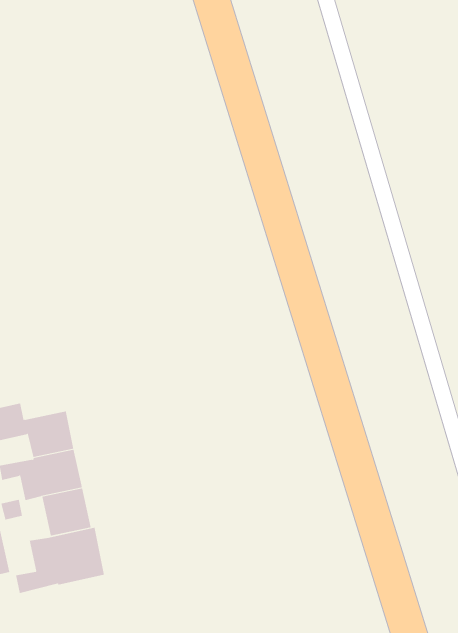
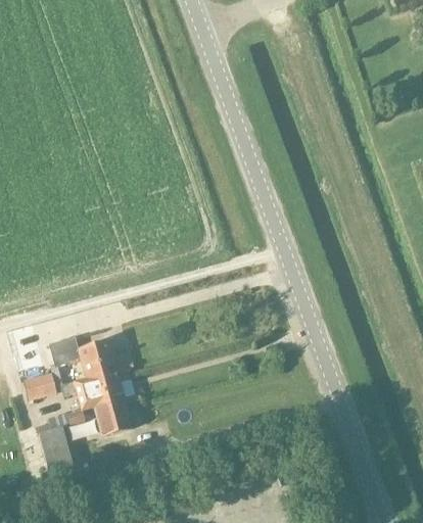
building: [15,527,105,594] -> none

